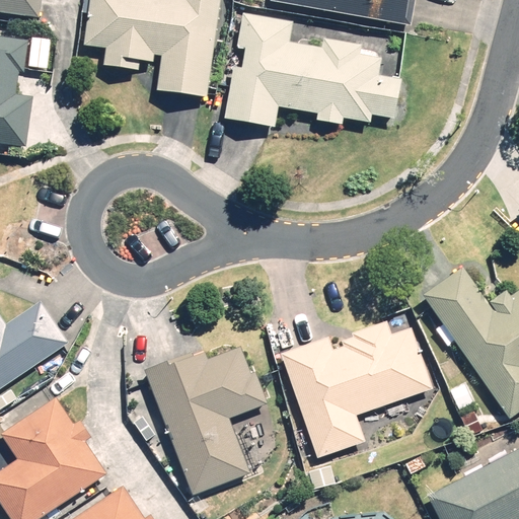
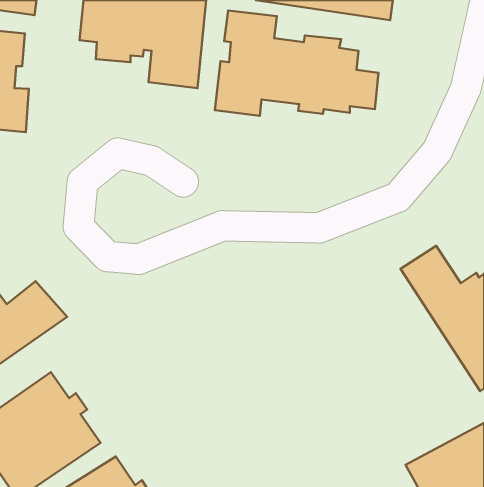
building: [281,314,431,458] -> none
building: [143,347,267,496] -> none

